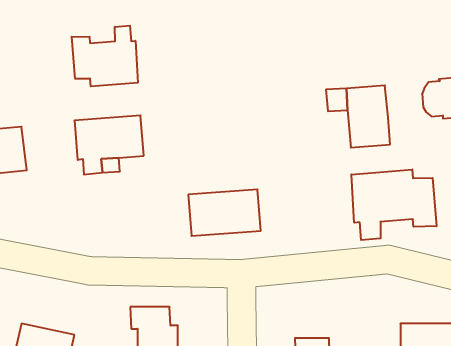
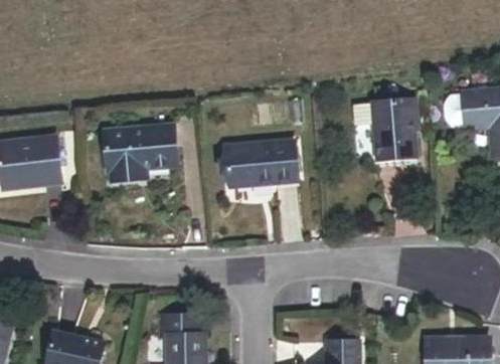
building: [72,26,138,86] -> none
building: [351,169,436,240] -> none
building: [188,189,261,236] -> [222,146,293,191]

